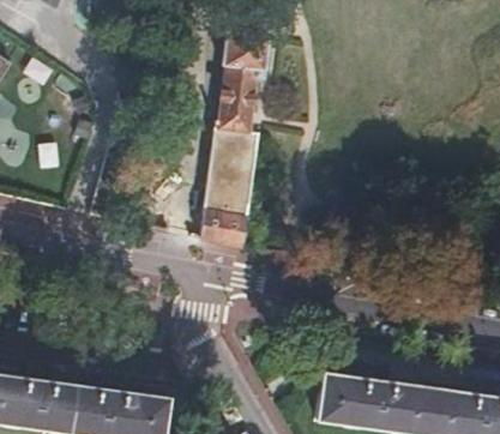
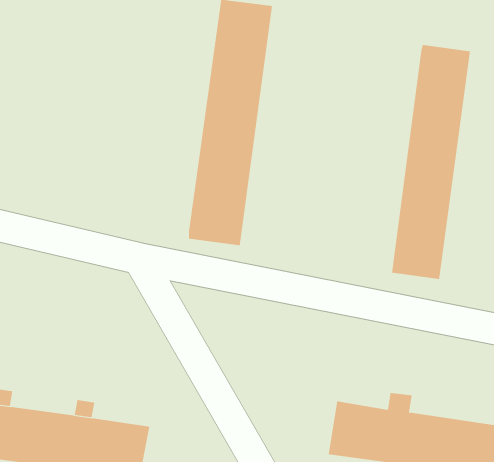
building: none -> [392,44,470,280]

